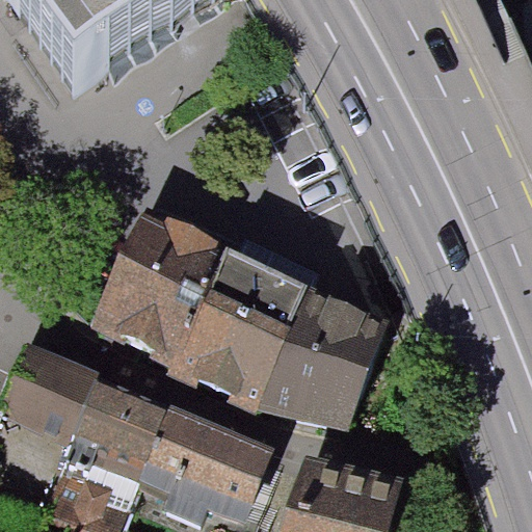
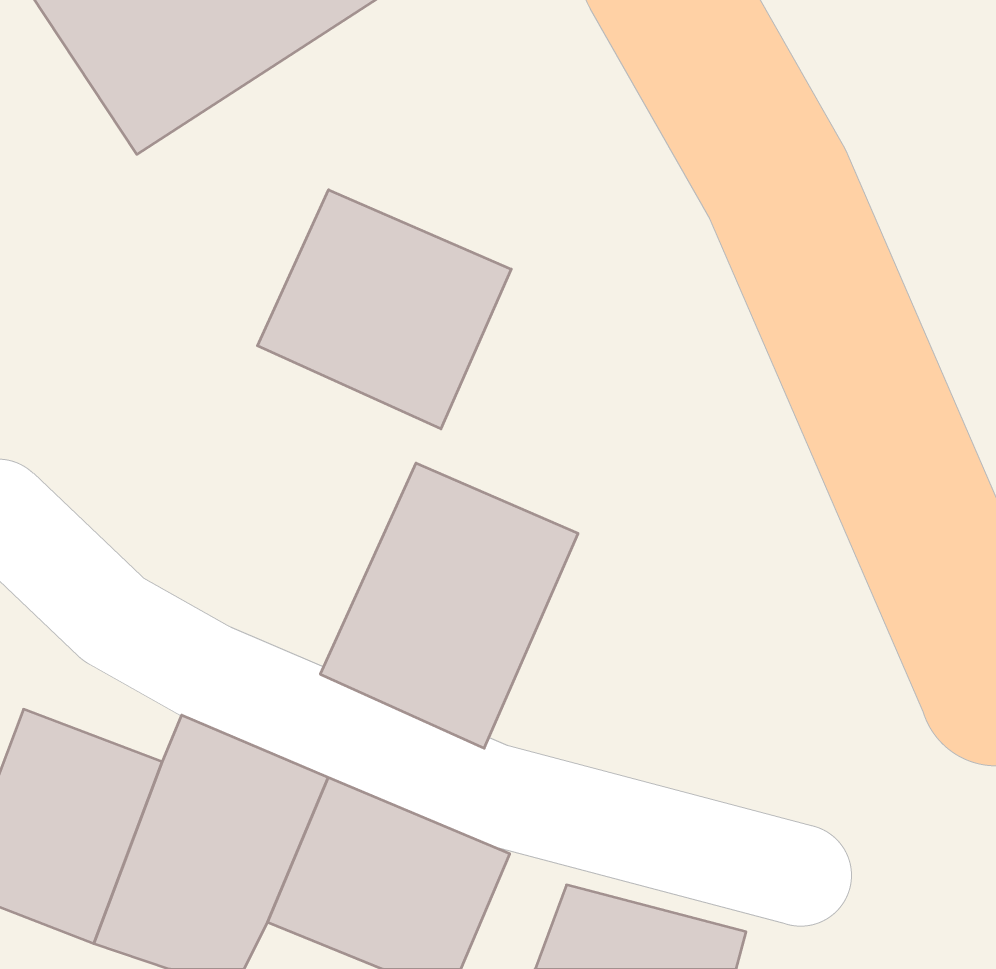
building: none -> [257,190,511,429]
building: [94,212,221,358] -> none
building: [258,284,382,420] -> none

